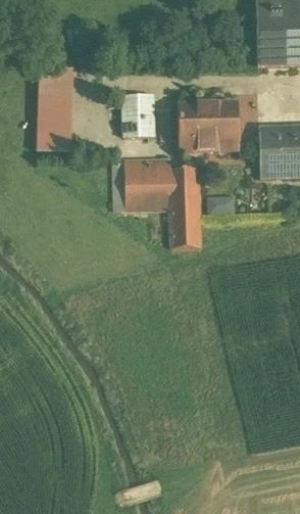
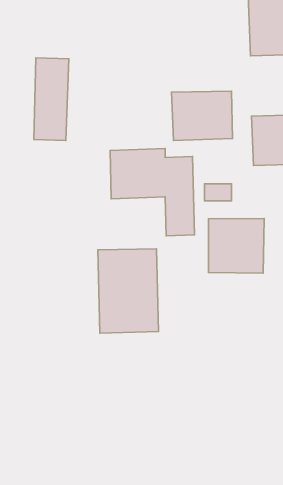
building: [123,94,154,137] -> none
building: none -> [208,218,264,273]
building: none -> [98,249,159,333]

